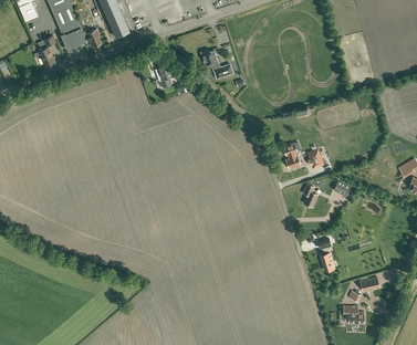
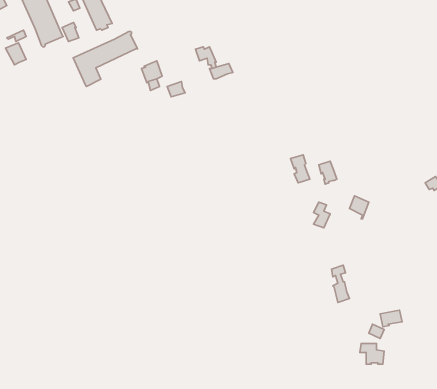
building: none -> [73,32,137,87]

